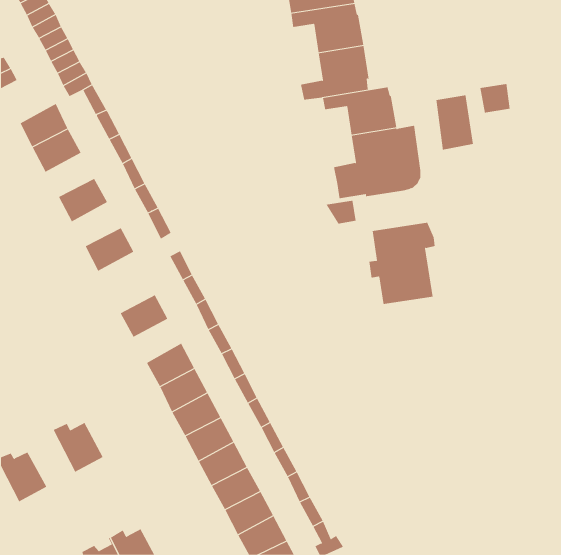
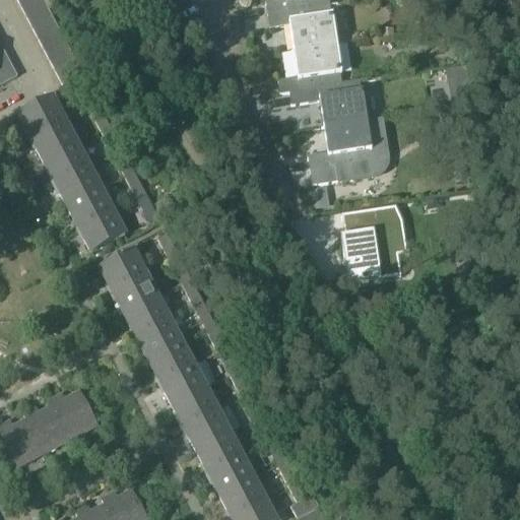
building: [436,95,473,150] -> none
building: none -> [43,141,88,182]
building: none -> [67,187,113,228]
building: none -> [100,249,144,289]
building: none -> [124,295,169,335]
building: none -> [23,397,70,450]

